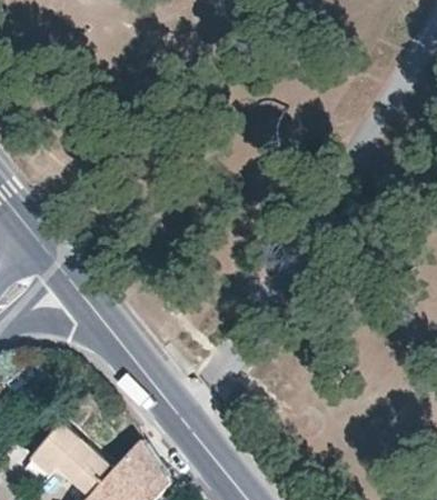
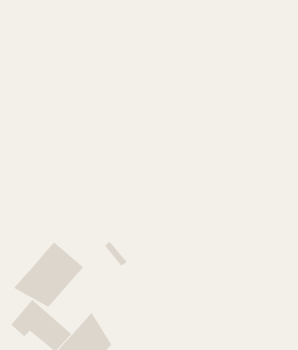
building: none -> [13,242,84,308]

